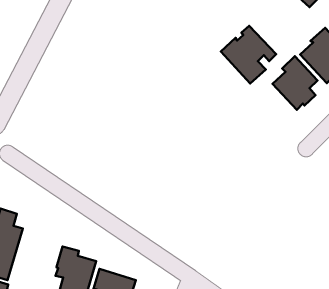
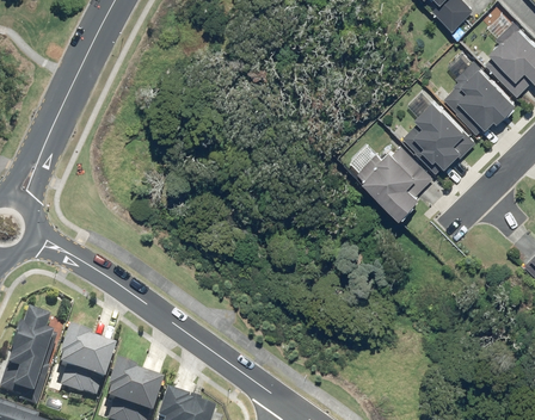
building: [221,26,276,83] -> [362,131,438,211]
building: none -> [53,325,116,396]

